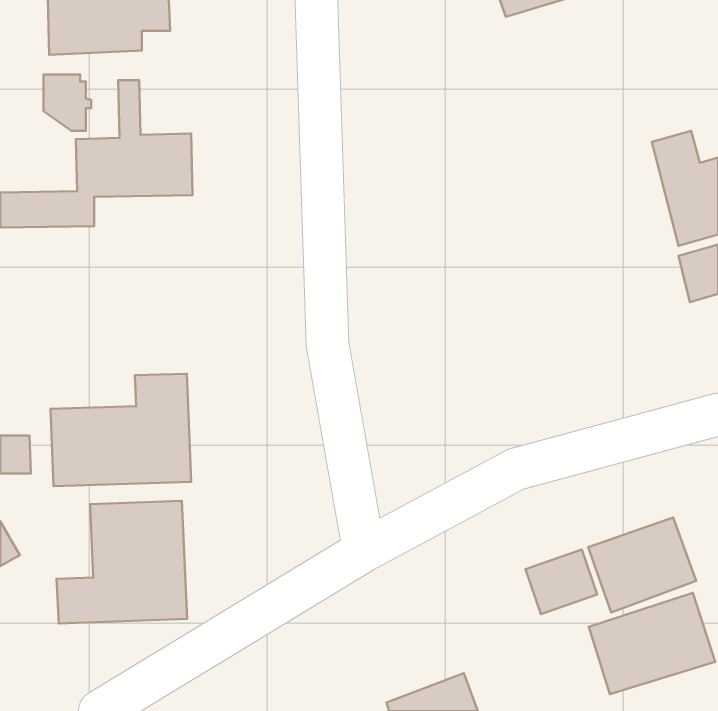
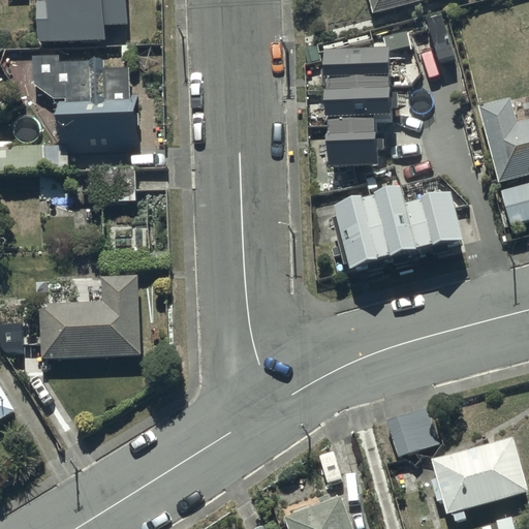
building: none -> [323,49,388,167]
building: none -> [332,190,461,271]
building: [57,501,187,623] -> none
building: [588,517,696,613] -> none

